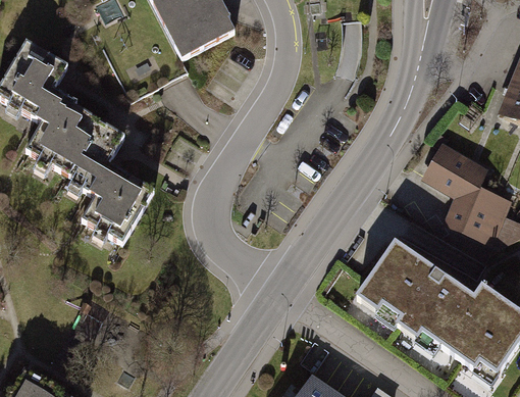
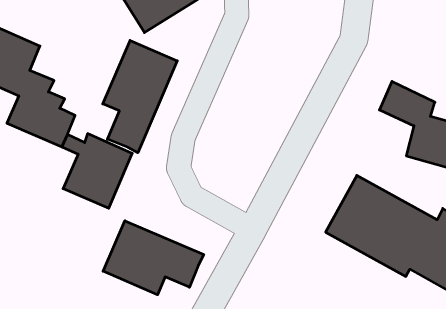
building: none -> [103,40,177,153]
building: none -> [103,221,204,295]

